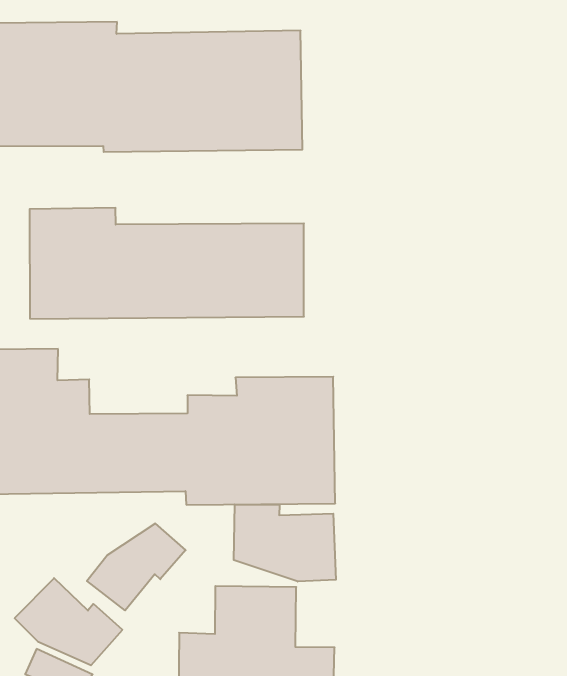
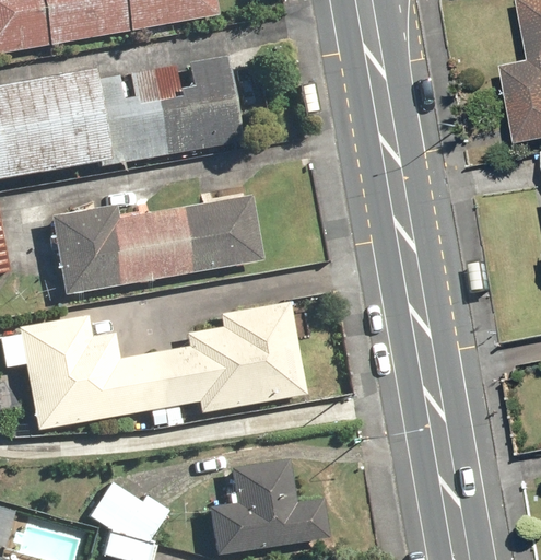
building: [234,504,336,582] -> none
building: [87,523,186,610] -> none

